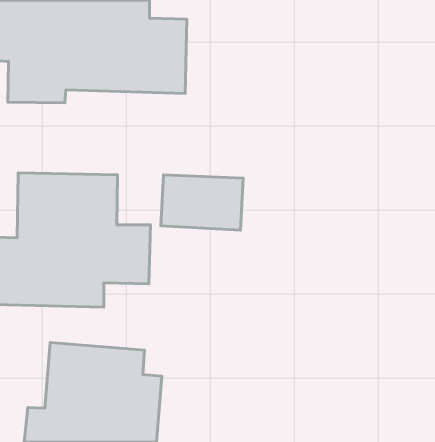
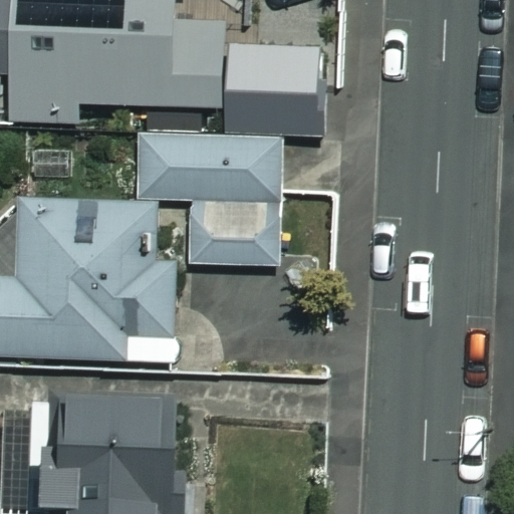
building: none -> [224,51,318,130]
building: none -> [136,130,283,199]

